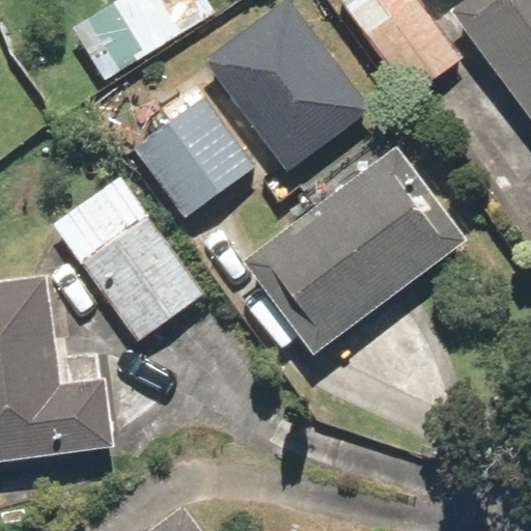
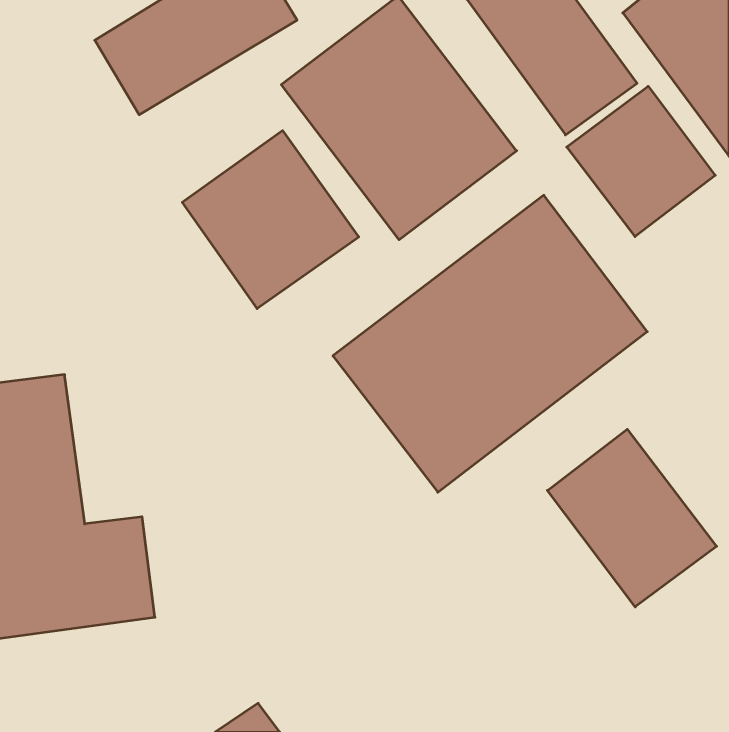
building: none -> [567,86,715,237]
building: [52,174,206,342] -> none
building: none -> [547,429,717,607]

